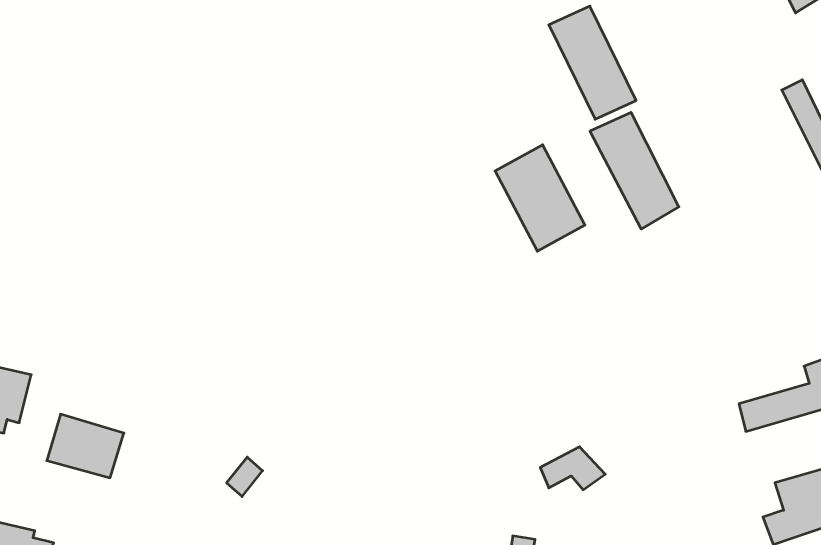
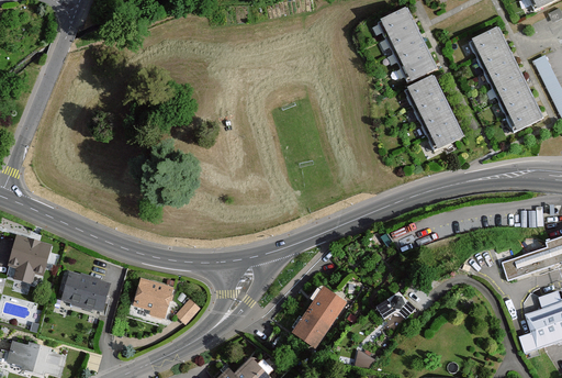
building: none -> [472,27,544,133]
building: [495,145,585,251] -> none
building: none -> [133,278,170,313]
building: none -> [290,287,345,347]

